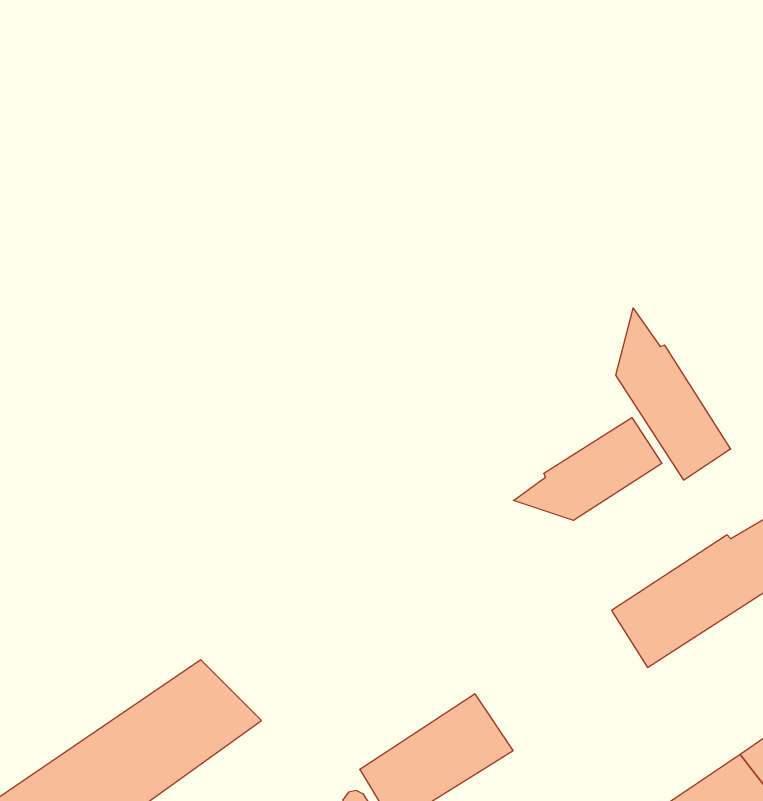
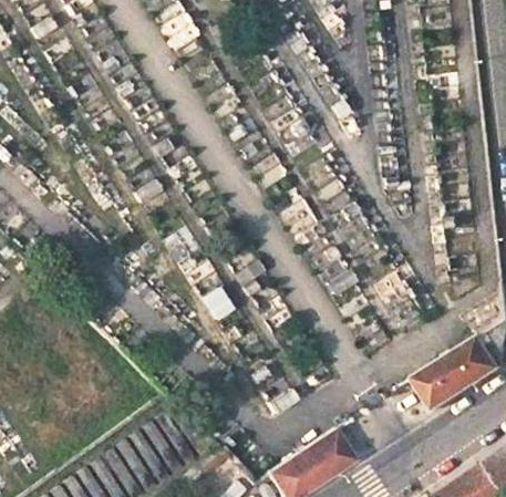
building: [616,308,731,480] -> none
building: [513,418,662,520] -> none

